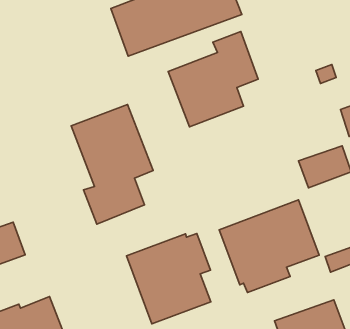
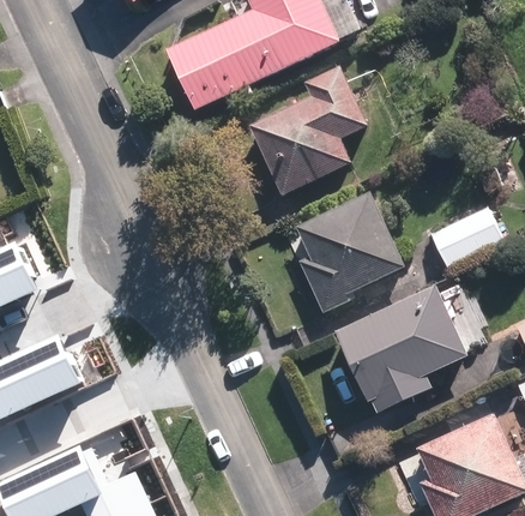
building: [71,104,153,224] -> none
building: none -> [295,192,405,314]
building: [127,234,211,324] -> none

